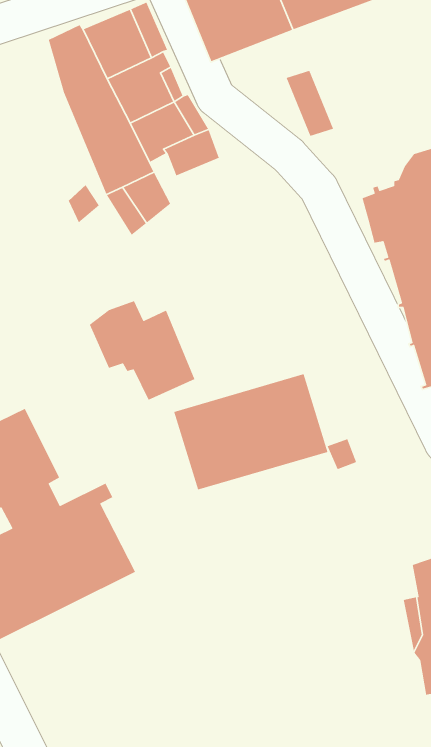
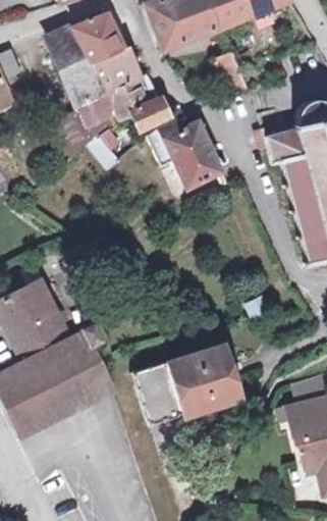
building: [89,300,195,401] -> [149,118,220,186]
building: [173,373,329,491] -> [131,346,235,424]

